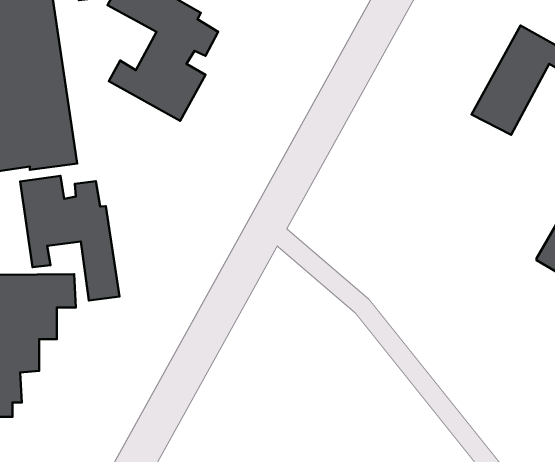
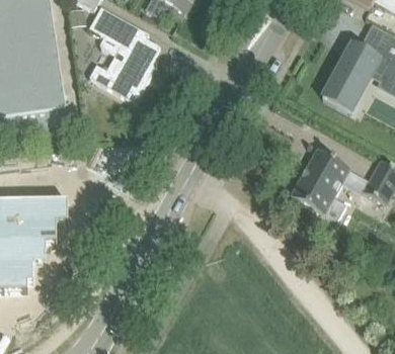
building: [20,176,120,300] -> none
building: none -> [290,147,350,218]

